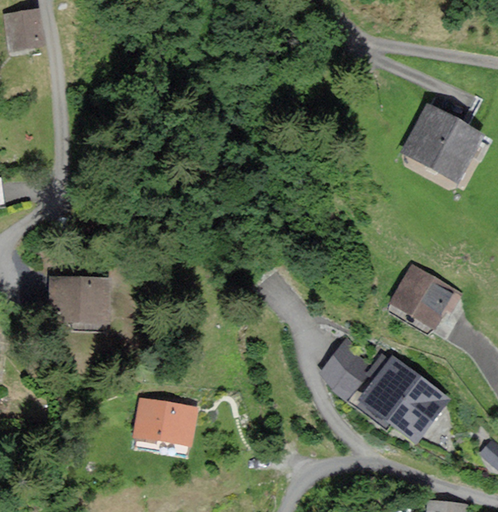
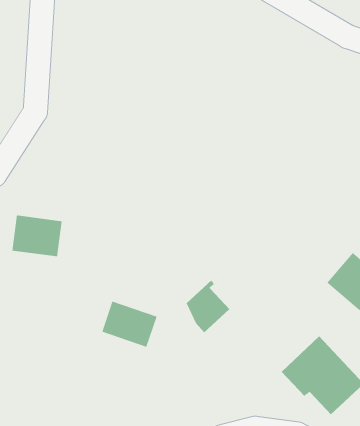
building: [322,341,369,398] -> [186,279,230,333]
building: [138,400,194,443] -> [101,301,158,348]

